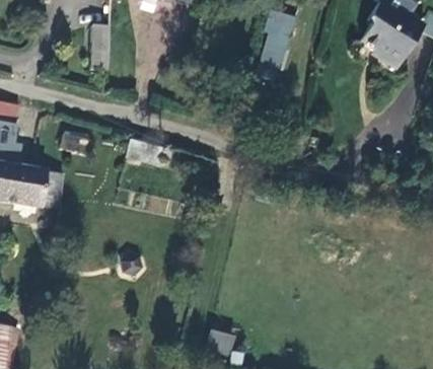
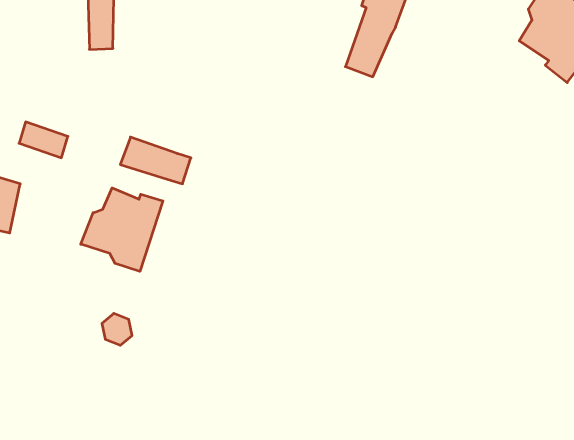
building: none -> [81,188,163,271]

